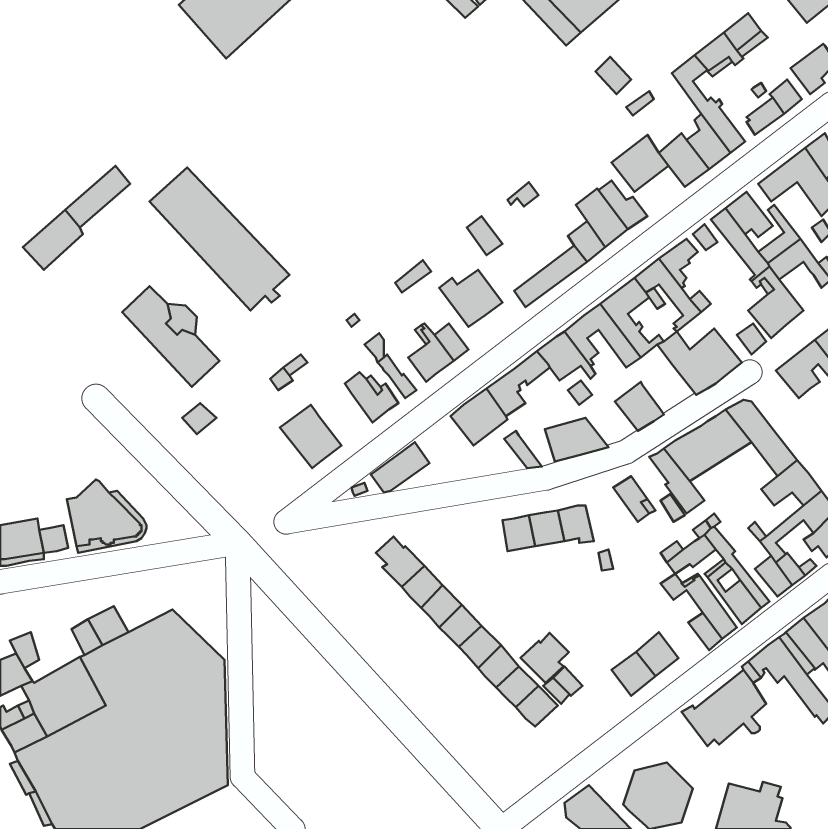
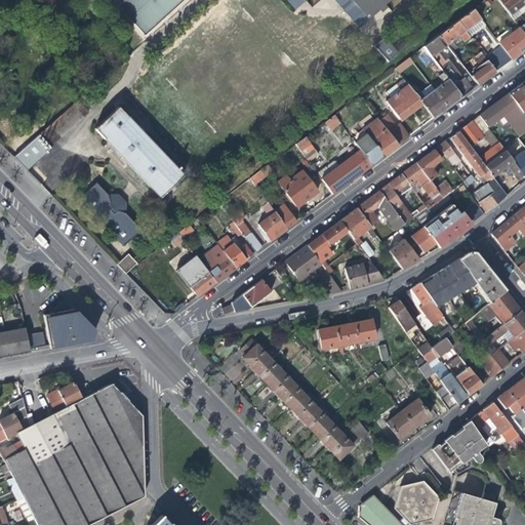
building: none -> [407,230,437,258]
building: none -> [203,248,237,281]
building: [521,633,569,683] -> none

